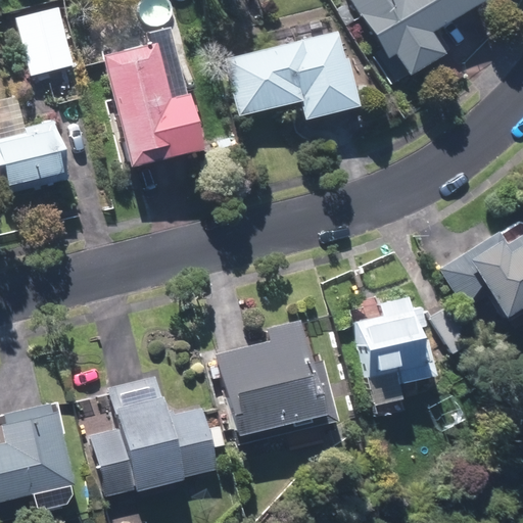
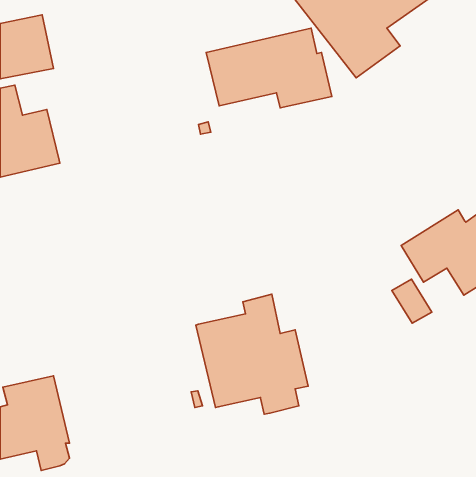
building: [106,26,207,164] -> none
building: [352,295,432,385] -> none
building: [83,375,218,495] -> none

